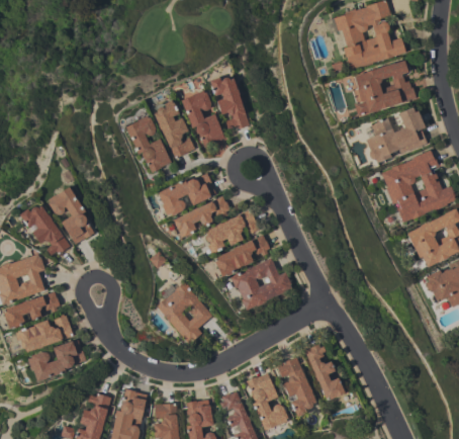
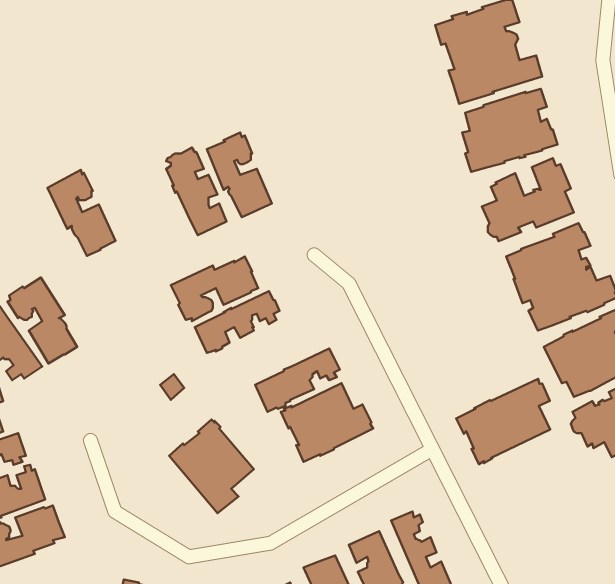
building: [209,77,250,128] -> none
building: [125,114,171,172] -> [48,170,116,256]
building: [205,208,260,252] -> none
building: none -> [456,379,550,464]

